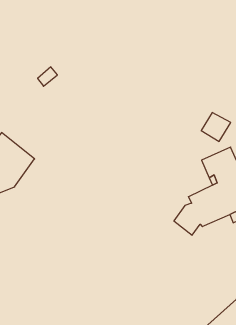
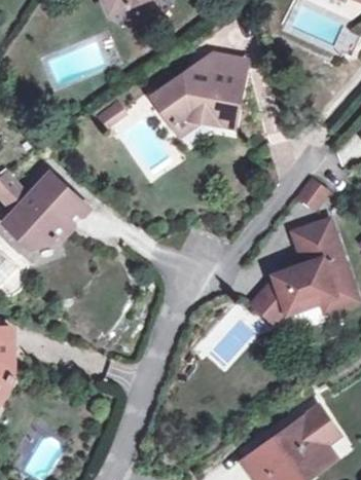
building: none -> [155,54,247,131]

